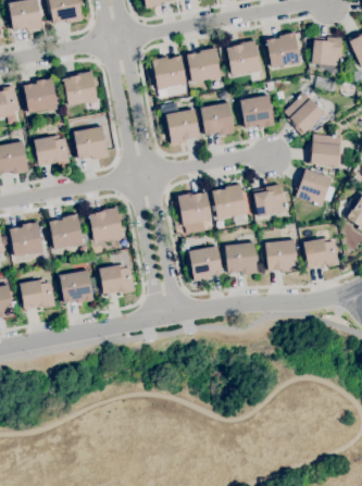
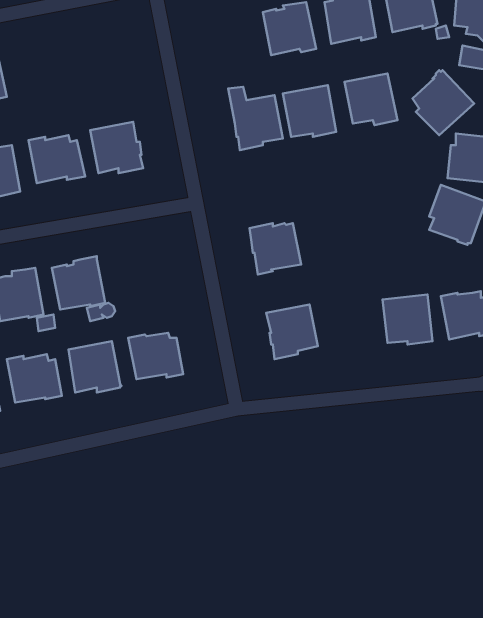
building: [152,55,187,98] -> none
building: [64,71,98,105] -> none
building: [24,78,58,113] -> none
building: [213,184,247,223] -> none
building: [254,184,287,216] -> none
building: [89,208,128,241] -> none
building: [225,242,258,275] -> none

